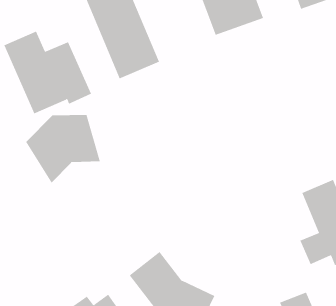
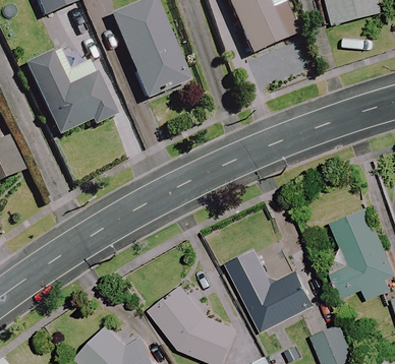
building: [26,114,101,184] -> none
building: none -> [226,248,318,328]

